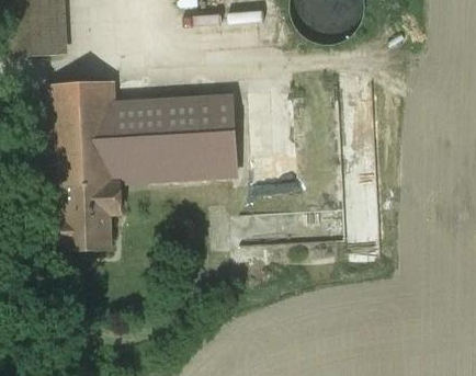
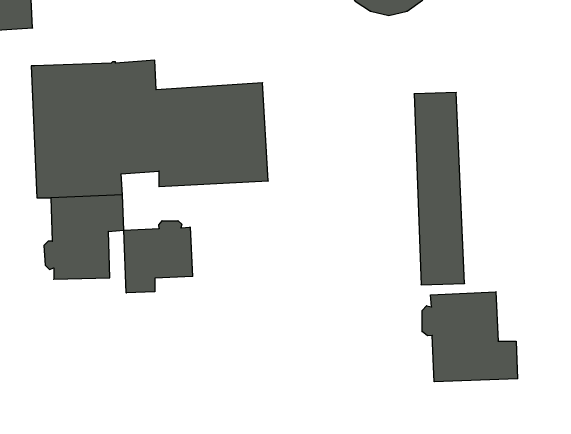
building: none -> [124,221,193,293]
building: none -> [422,292,518,382]

